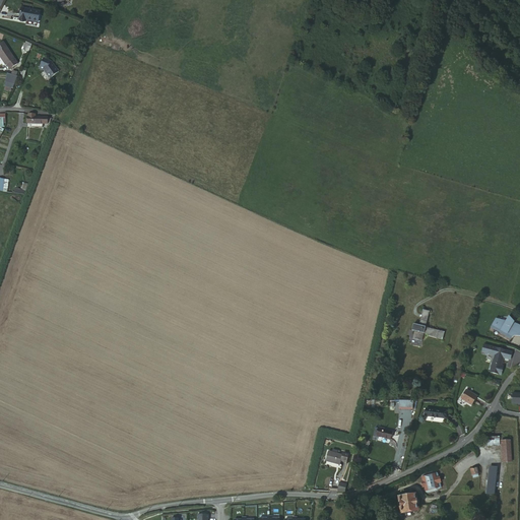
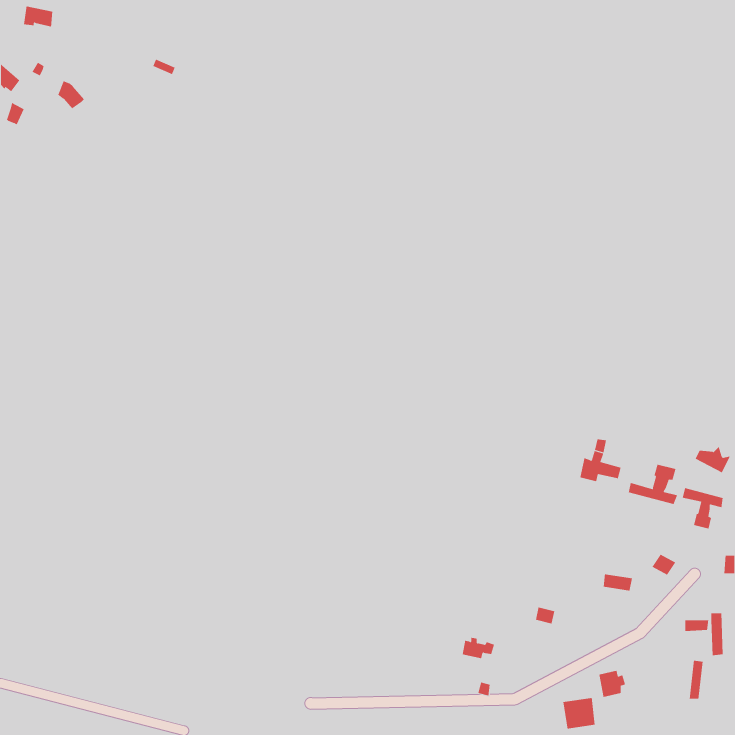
building: none -> [628,464,678,505]

